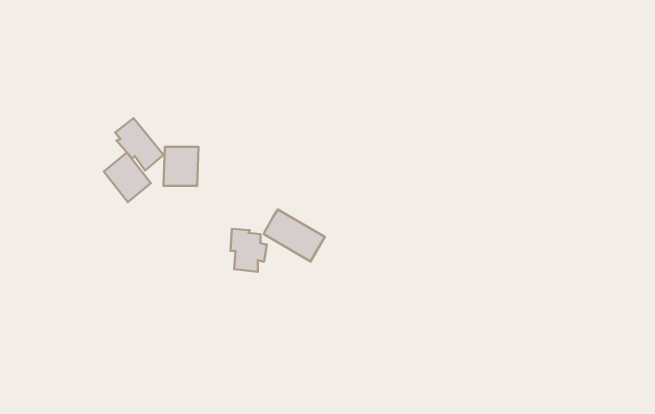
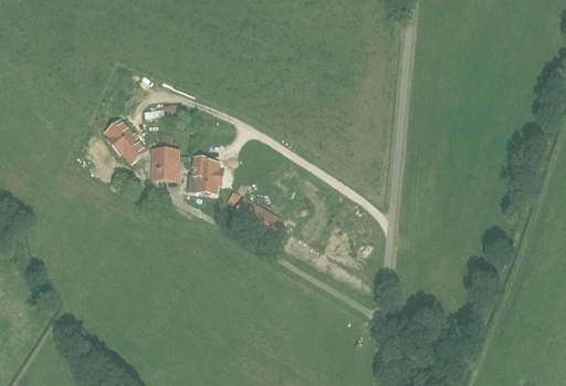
building: [104,152,151,202] -> none
building: [230,229,267,272] -> [193,158,224,195]

